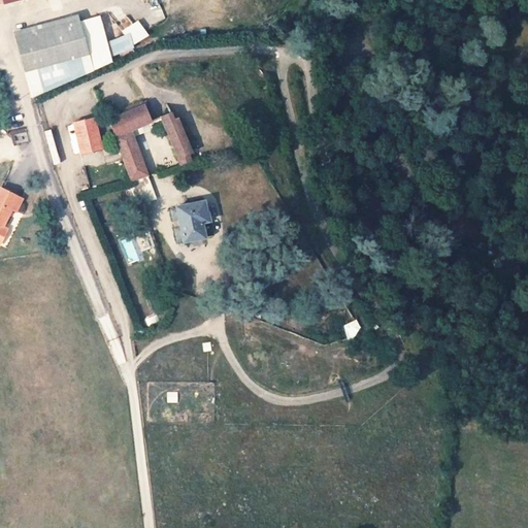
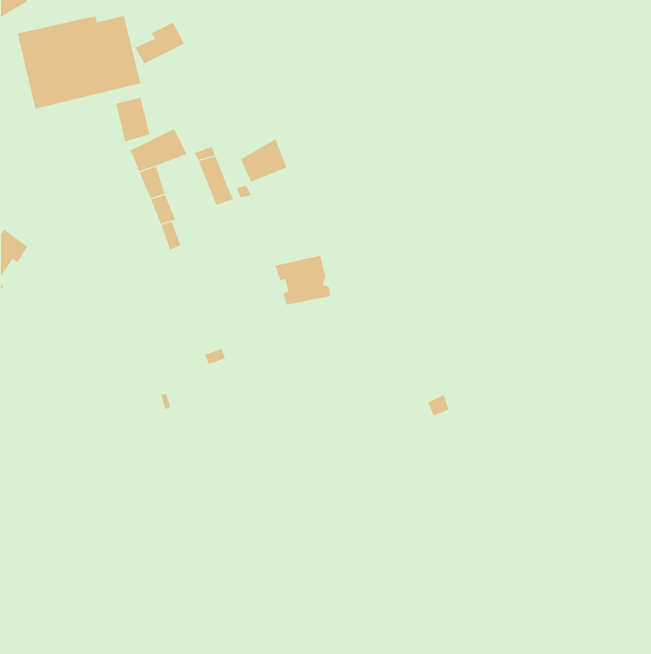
building: none -> [240,139,287,183]
building: [72,117,100,153] -> [116,97,150,142]
building: [168,200,213,240] -> [275,255,331,305]

